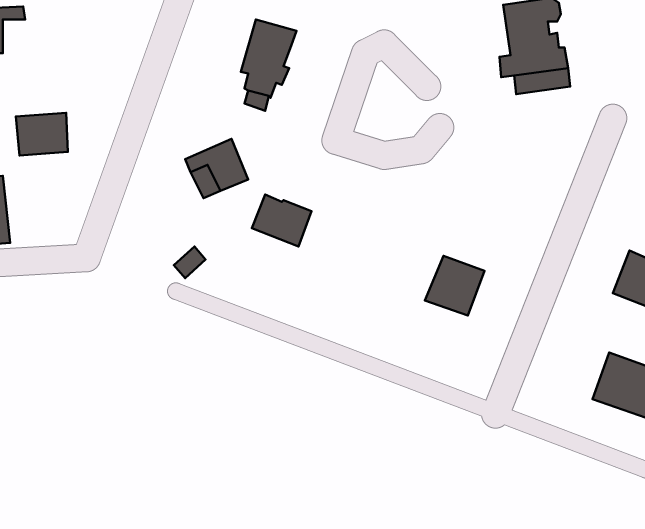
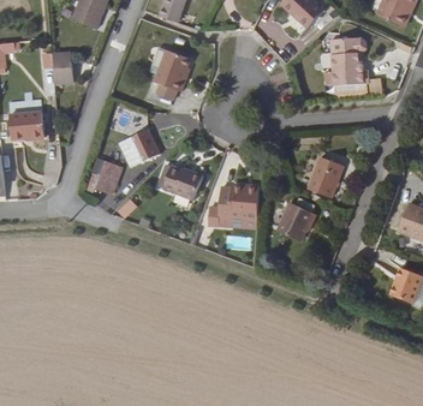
building: none -> [55,48,76,78]
building: none -> [84,156,120,196]
building: none -> [306,156,341,196]
building: none -> [216,183,258,220]

